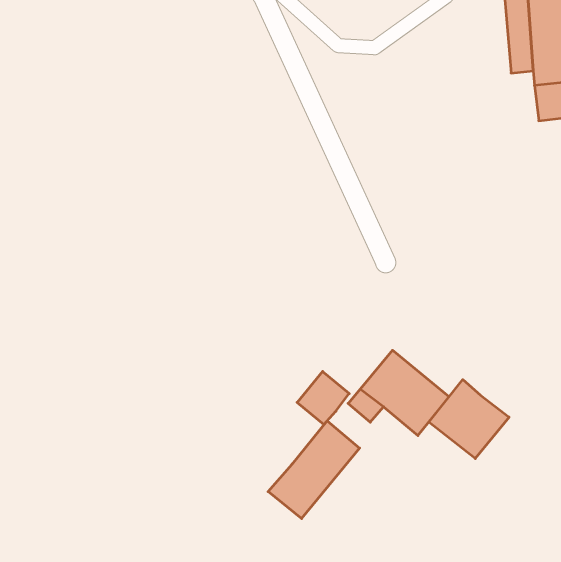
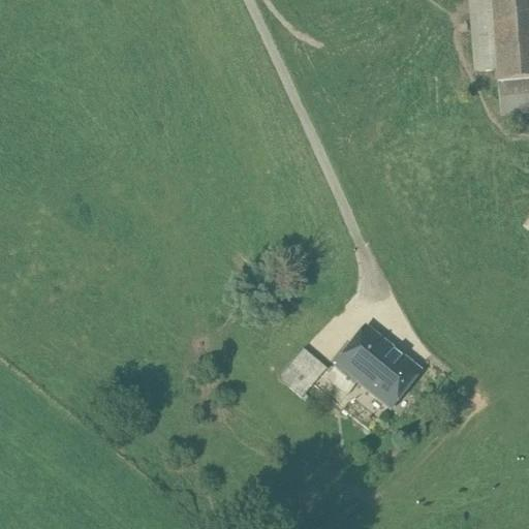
building: [429,380,509,459] -> none
building: [268,421,360,519] -> none

